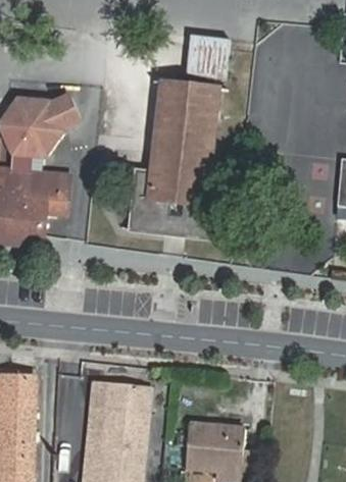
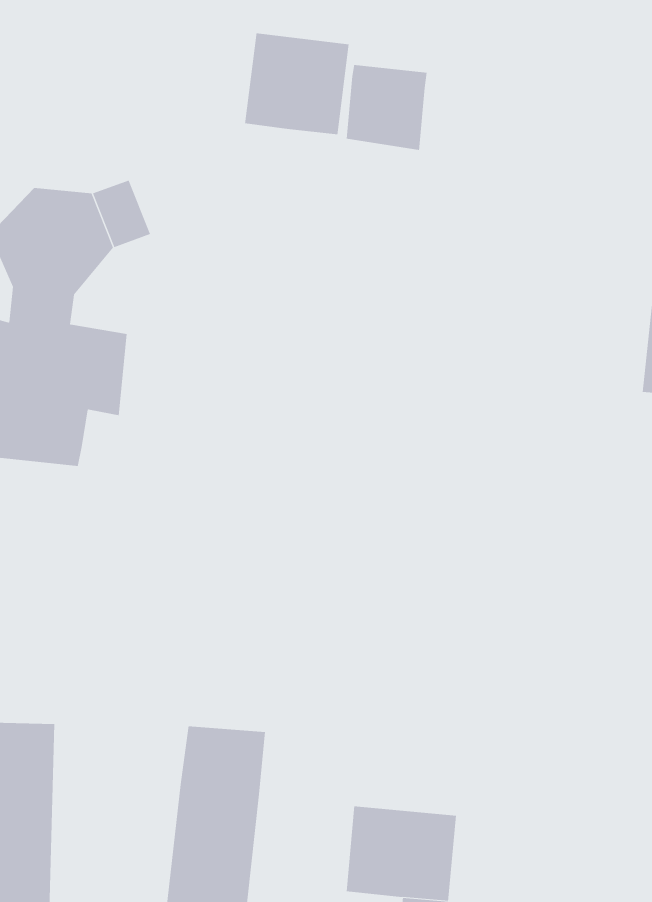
building: none -> [245,32,349,135]
building: [129,82,221,237] -> none

